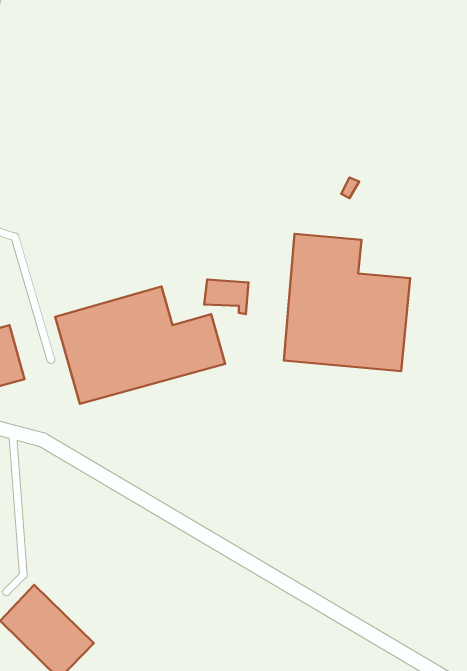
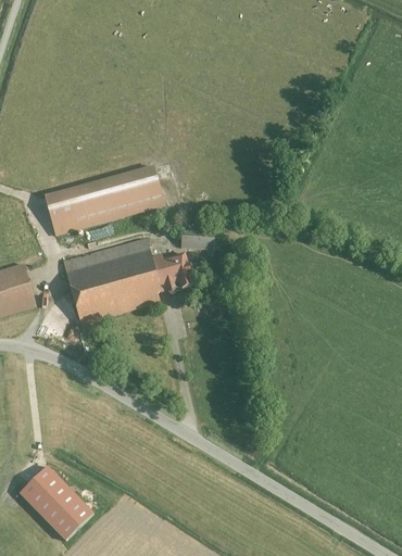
building: none -> [46,168,164,236]
building: [284,234,410,371] -> none

